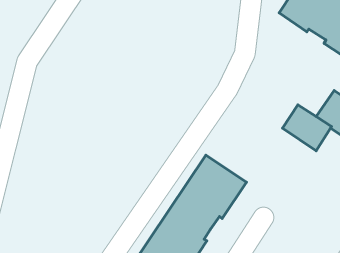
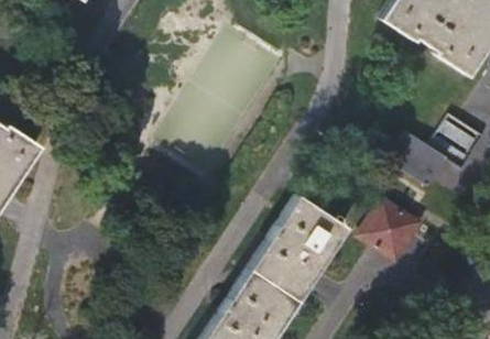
building: none -> [358,200,420,263]

